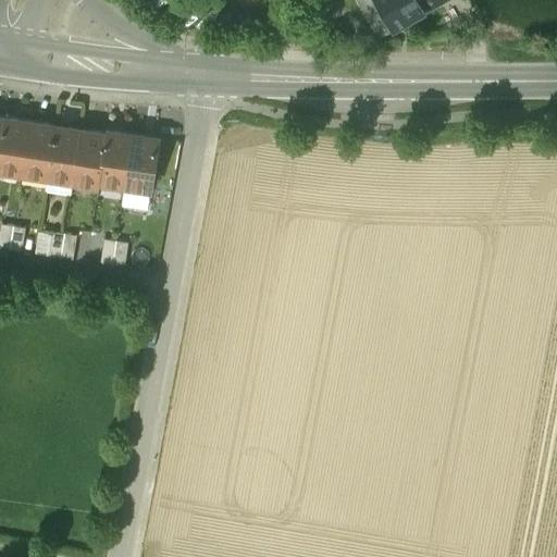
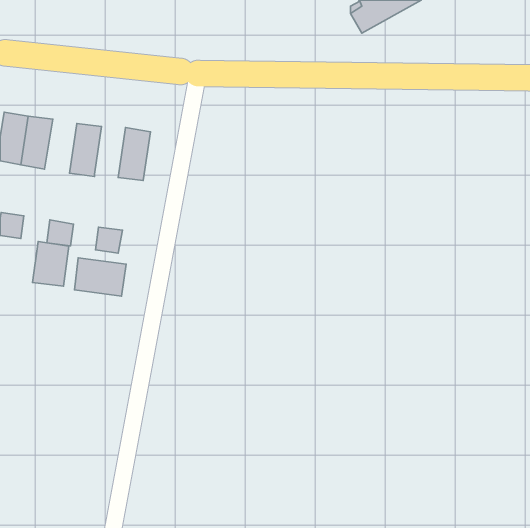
building: [47,127,81,184] -> none
building: [99,133,132,188] -> none
building: none -> [33,241,69,286]
building: none -> [74,258,126,296]

